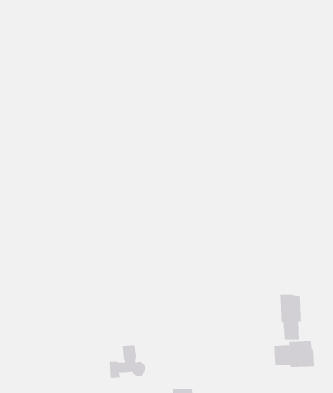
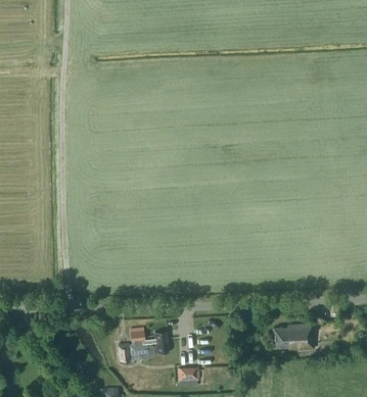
building: [280,294,302,341] -> none

